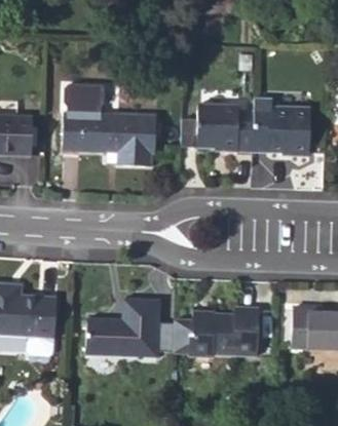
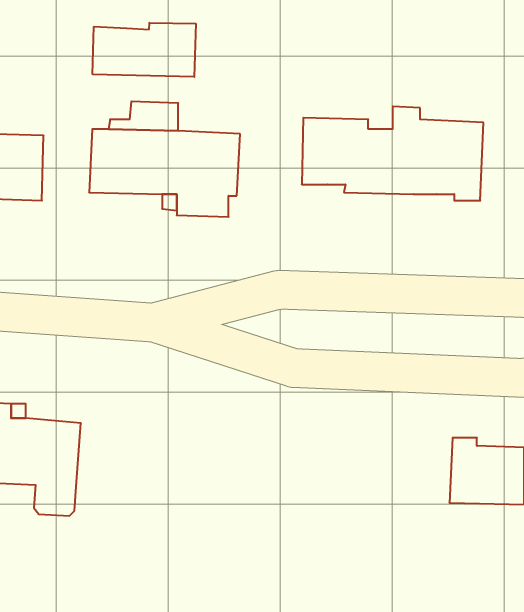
building: none -> [93,23,196,77]
building: [85,298,158,355] -> none
building: [173,309,258,357] -> none

